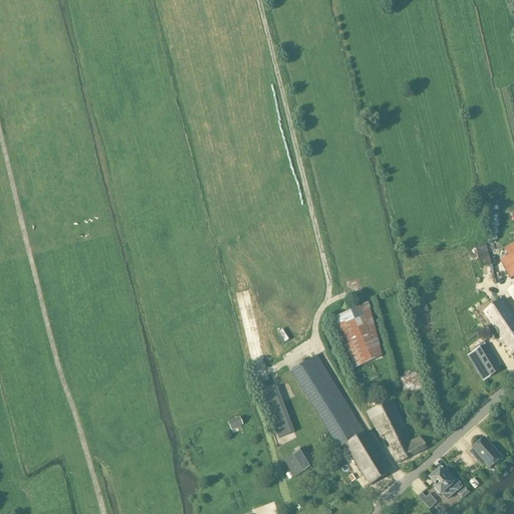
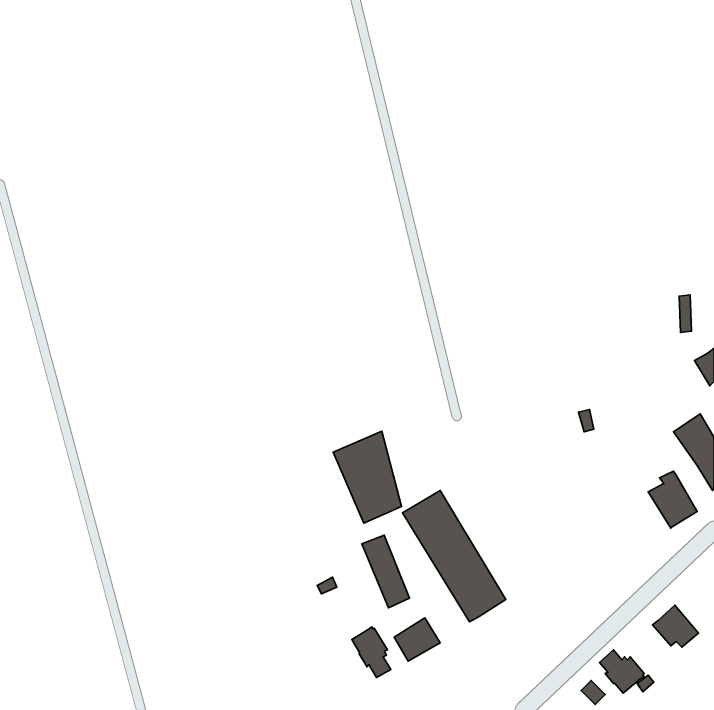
building: [332,300,381,366] -> [333,431,401,523]
building: [367,398,426,461] -> none
building: [344,431,389,482] -> none
building: none -> [352,627,391,677]

